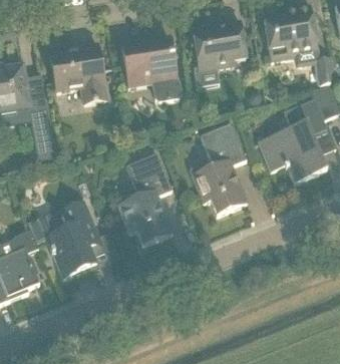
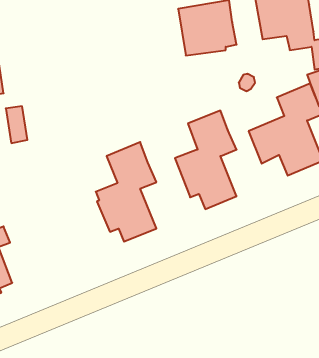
building: [121,35,183,100] -> none
building: [51,43,106,103] -> none
building: [42,201,100,277] -> none

